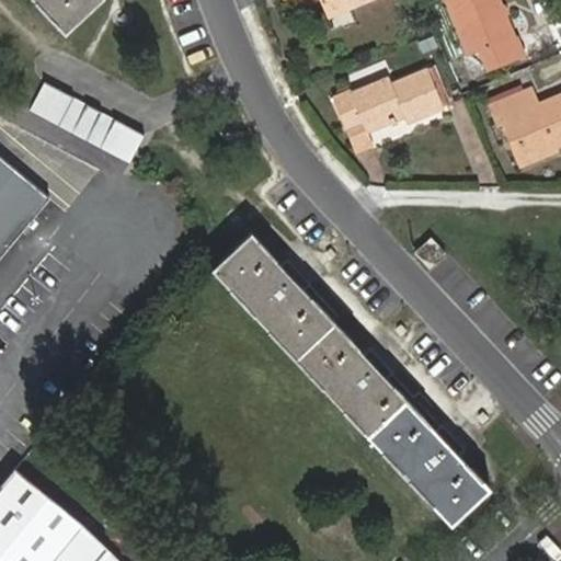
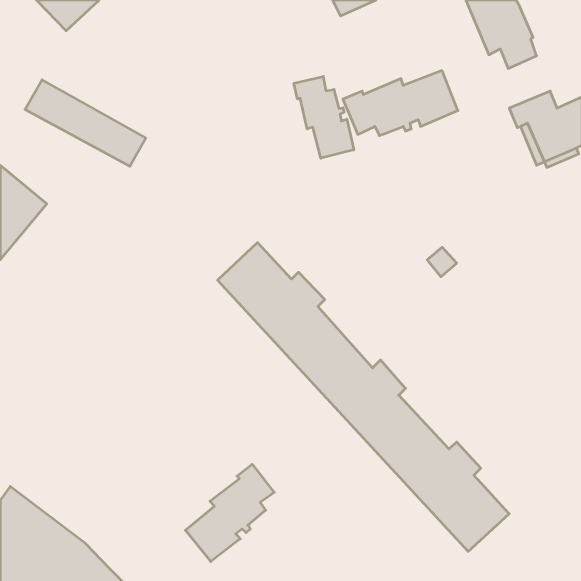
building: none -> [294,76,354,158]
building: none -> [185,464,274,562]

